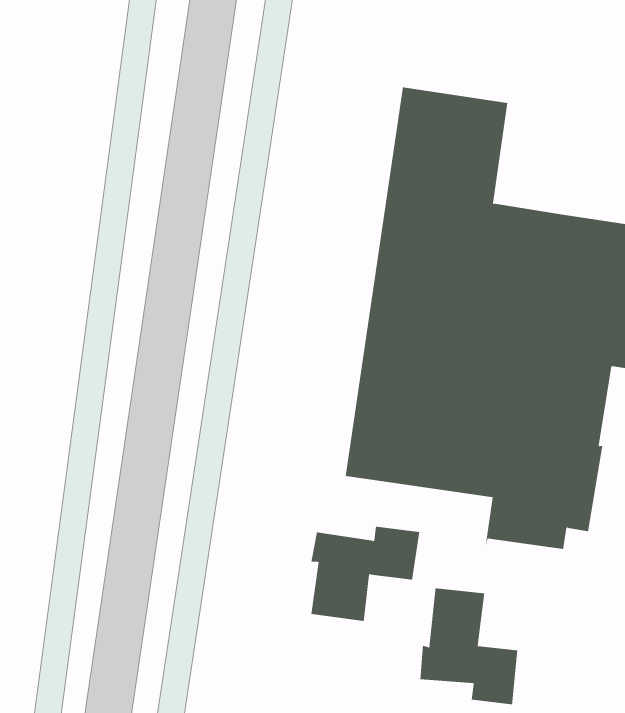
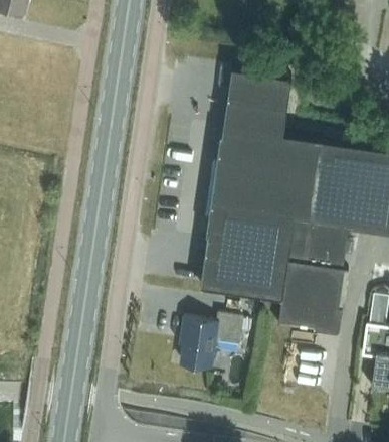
building: [420,588,518,705] -> none

